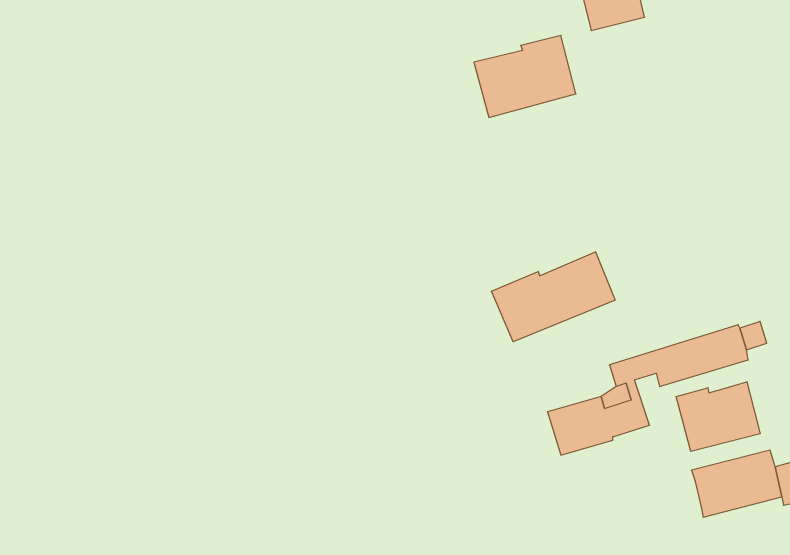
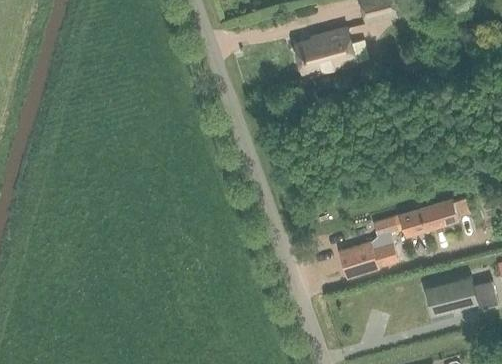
building: [492,252,615,342] -> none
building: [676,382,760,451] -> none

